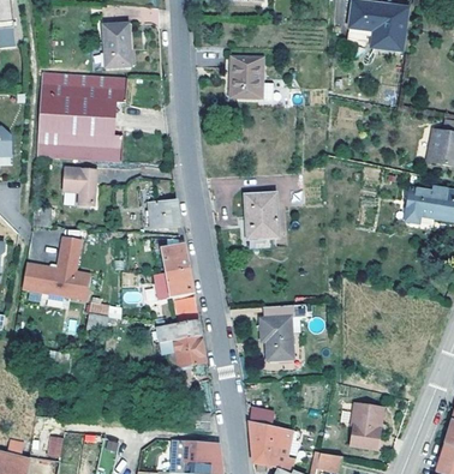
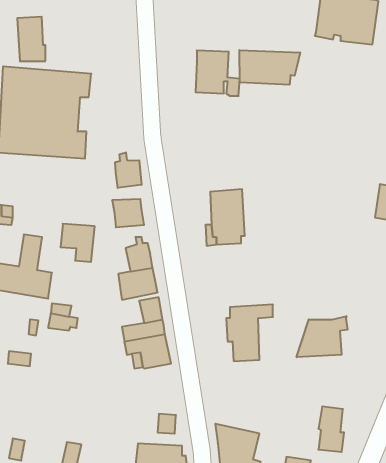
building: [102,23,130,66] -> [17,17,45,61]
building: none -> [239,50,300,85]
building: none -> [115,152,141,188]
building: [62,167,96,204] -> [60,224,95,262]
building: none -> [297,316,347,357]

